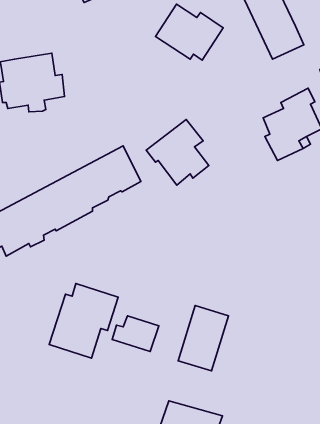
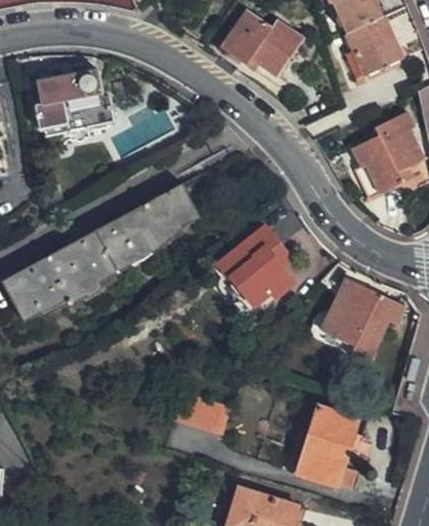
building: [146,120,209,185] -> [216,227,291,306]
building: none -> [320,277,404,364]
building: [49,284,118,358] -> none
building: [178,306,228,371] -> [298,406,358,485]

